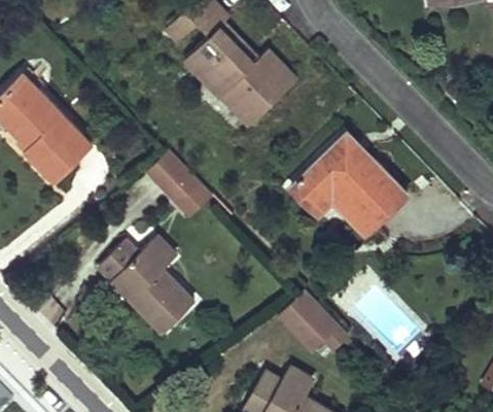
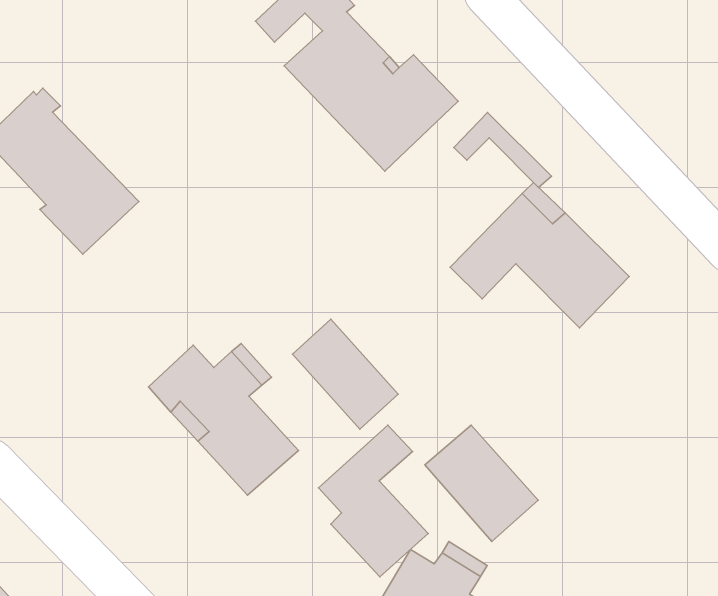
building: [143,149,211,220] -> [293,319,398,429]
building: [312,185,375,234] -> [454,112,551,187]
building: none -> [318,425,428,577]

